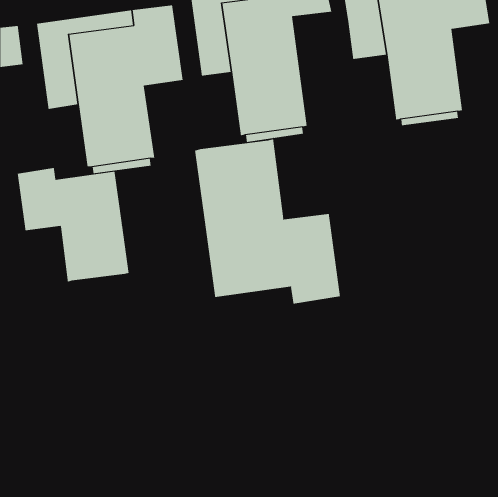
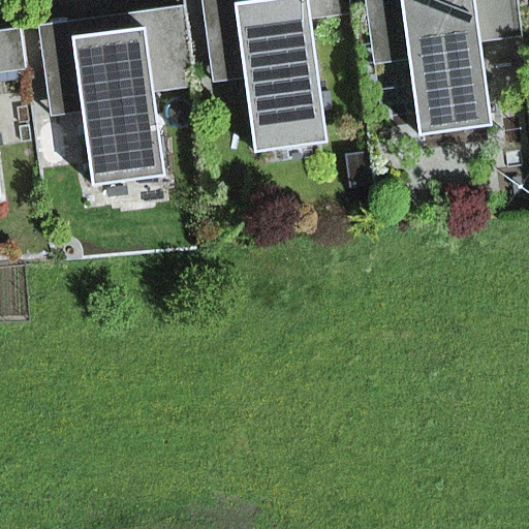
building: [195,138,340,304] -> none
building: [17,167,129,282] -> none

